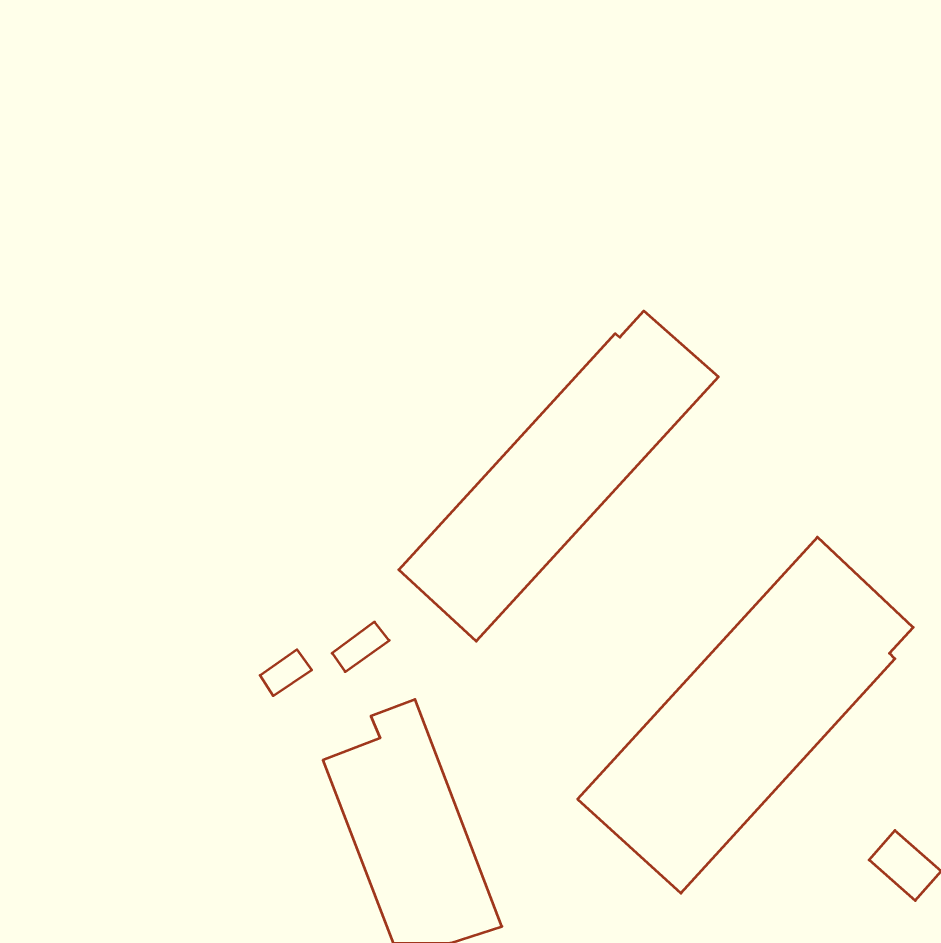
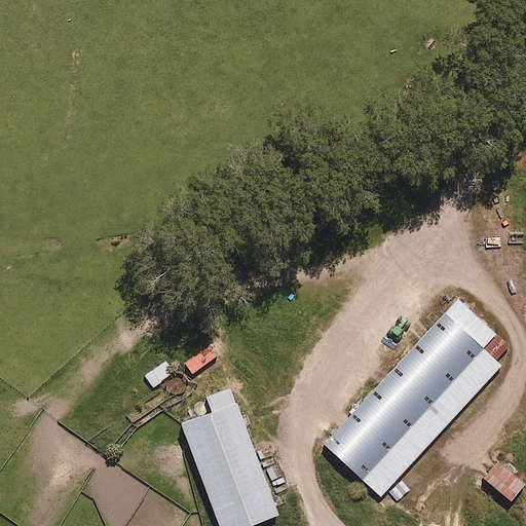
building: [399,311,718,641] -> none

